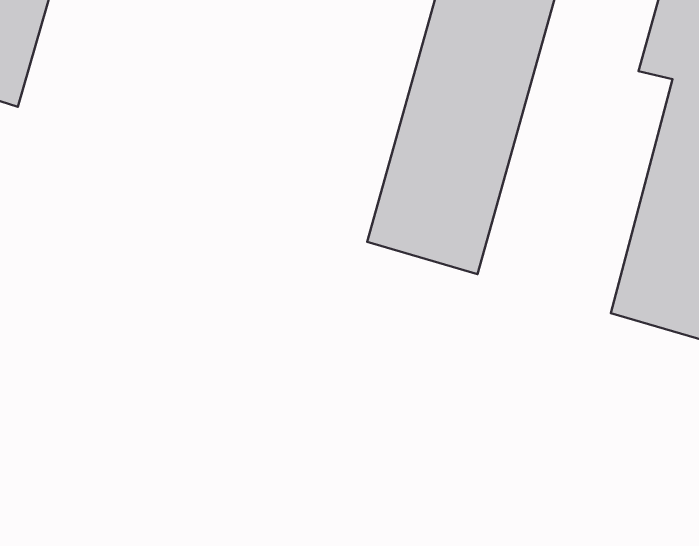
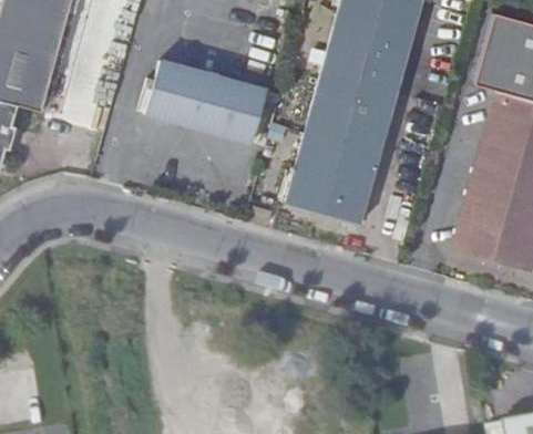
building: none -> [146,56,269,145]

